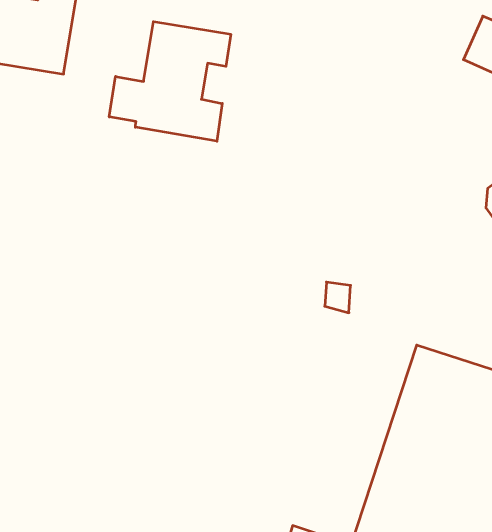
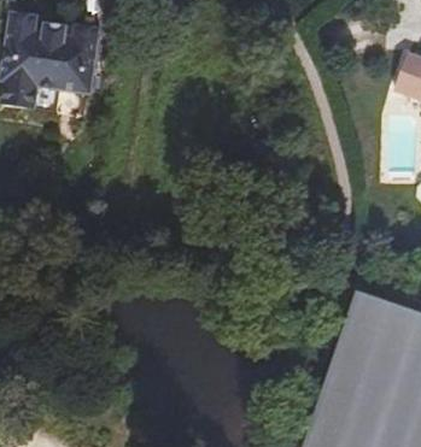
building: [109,22,231,141] -> none

